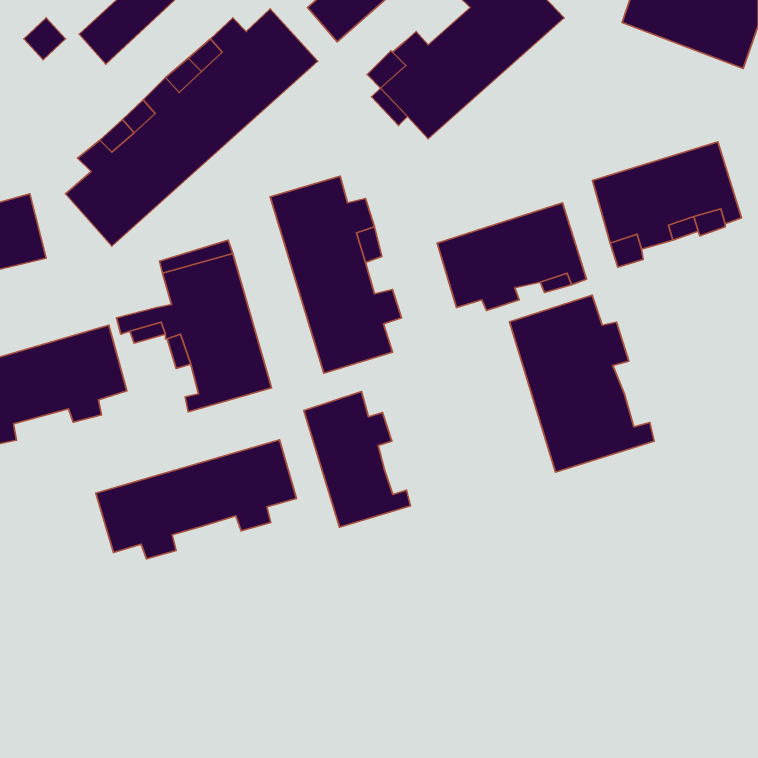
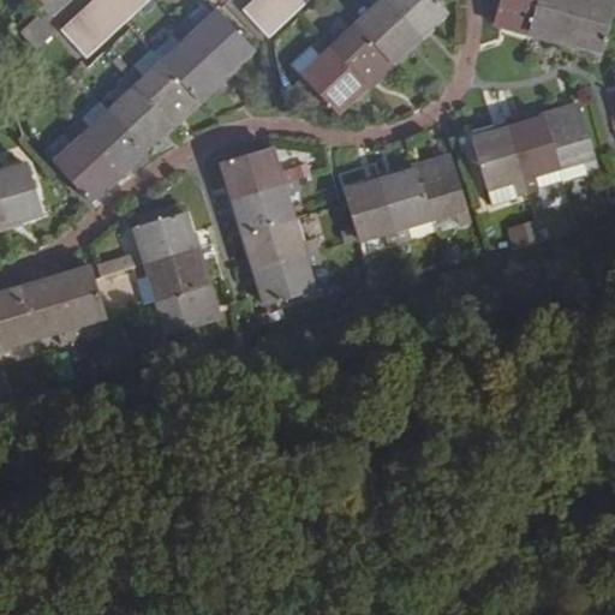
building: [510,295,654,472] -> none
building: [304,391,411,527] -> none
building: [96,440,297,559] -> none

